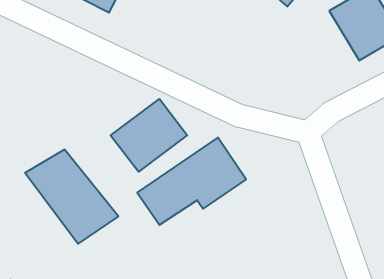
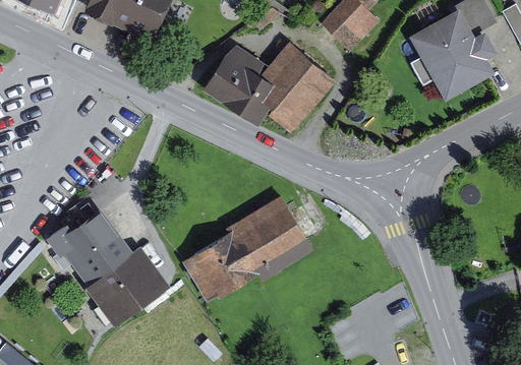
building: none -> [208,48,334,134]
building: [111,99,187,172] -> none

